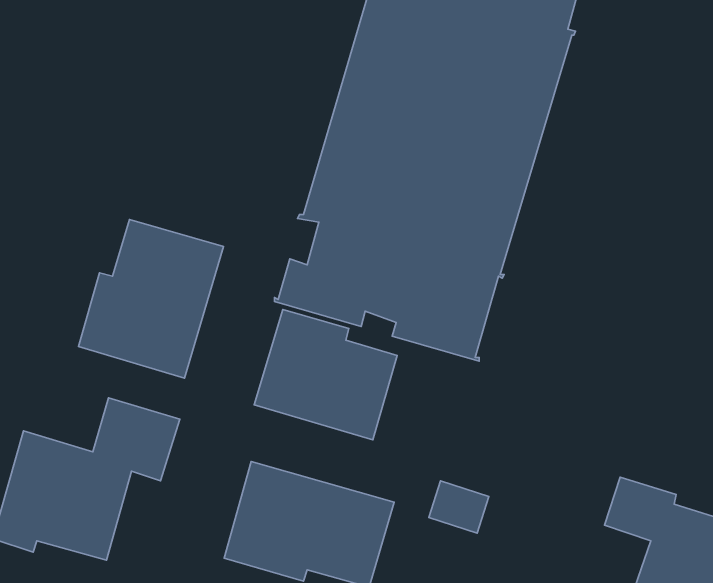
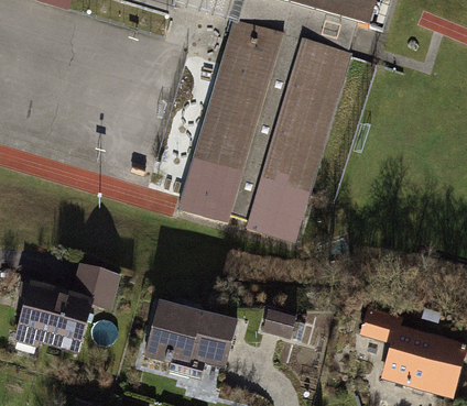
building: [78,219,224,378] -> none
building: [254,309,397,440] -> none

